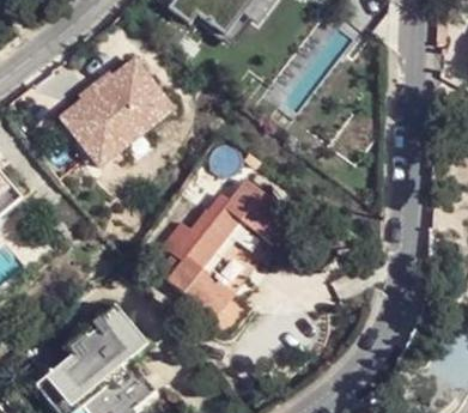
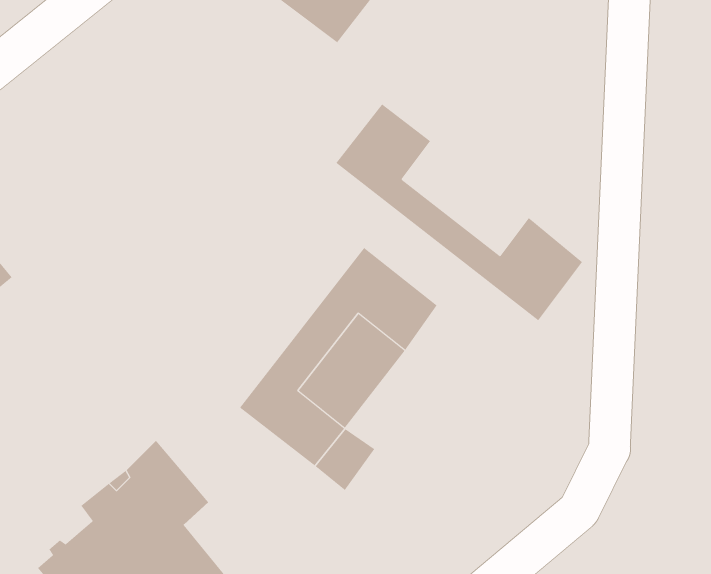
building: [45,50,184,182] -> none
building: none -> [336,104,583,321]

